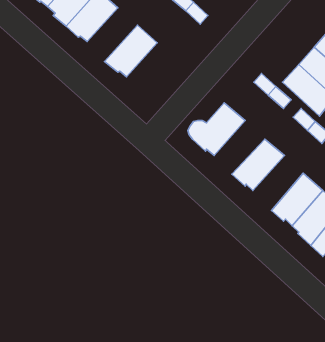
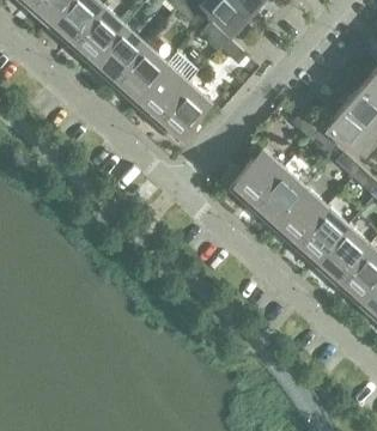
building: none -> [113,43,168,102]
building: none -> [156,81,212,144]
building: none -> [251,166,306,225]
building: none -> [293,205,348,265]

